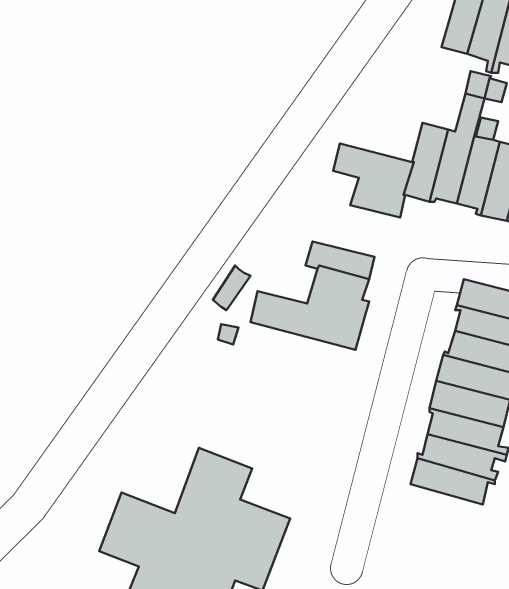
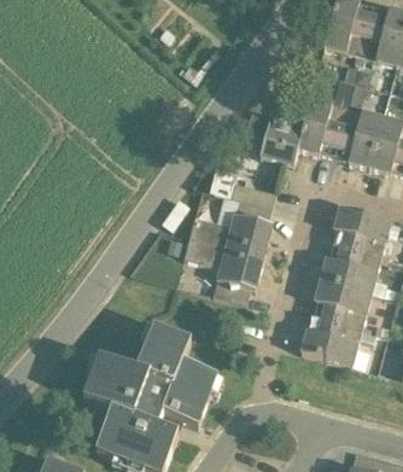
building: none -> [183,237,263,303]

